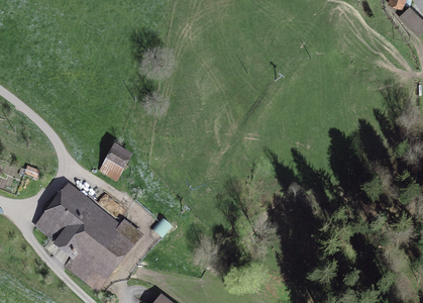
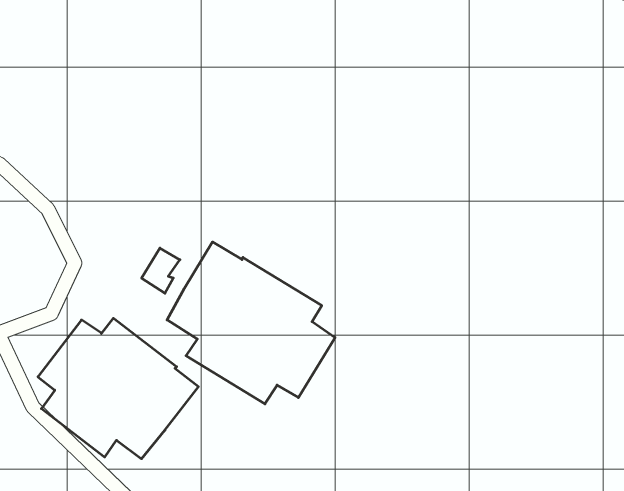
building: none -> [167,242,335,404]

